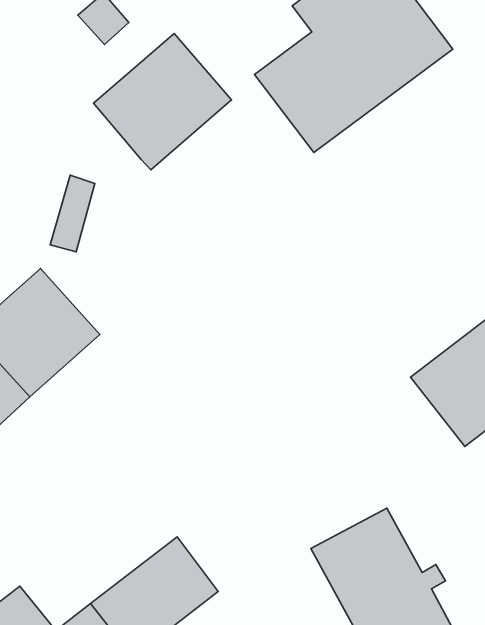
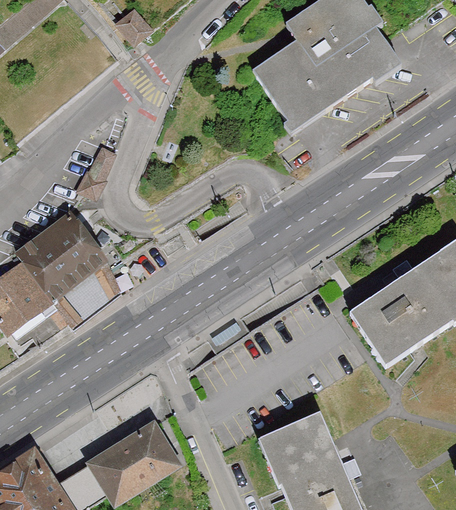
building: [94,33,231,170] -> none

